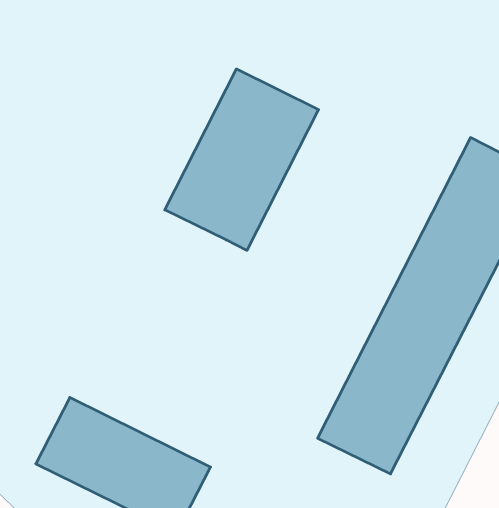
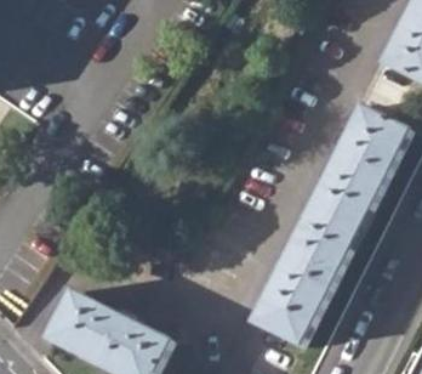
building: [165,69,319,250] -> none

